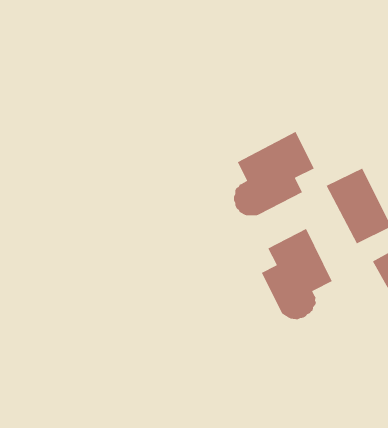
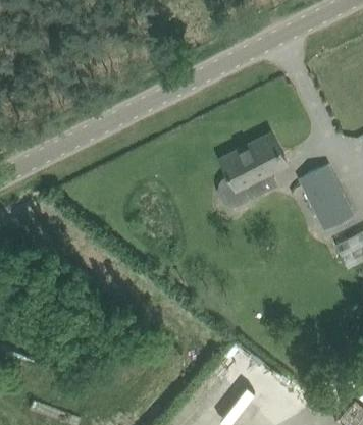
building: [261,228,333,320] -> none

